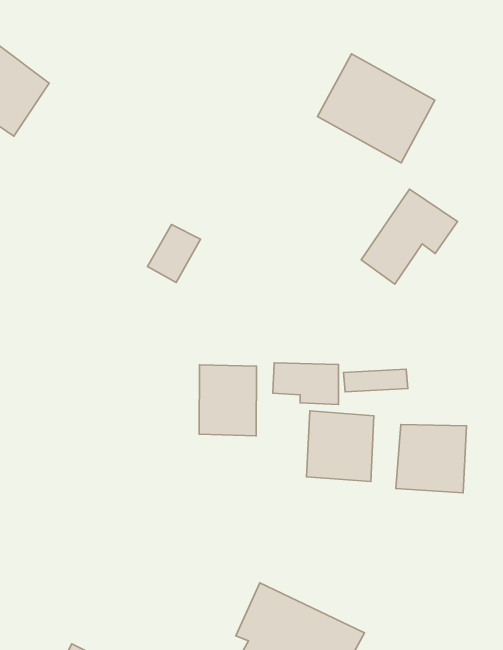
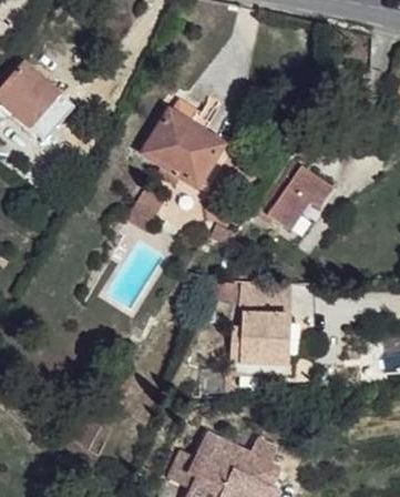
building: [318,54,435,163] -> [137,109,218,184]
building: [199,365,256,436] -> none
building: [396,424,466,493] -> none

